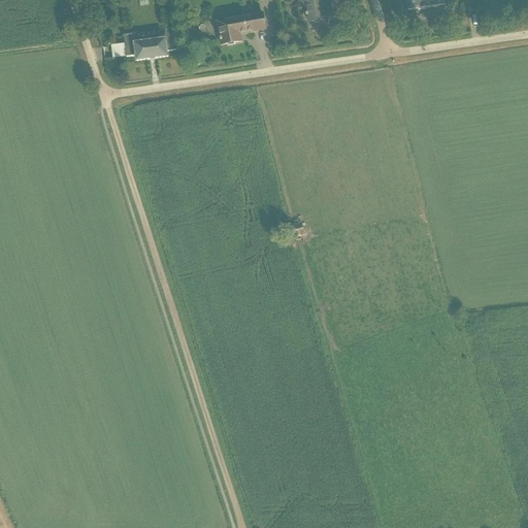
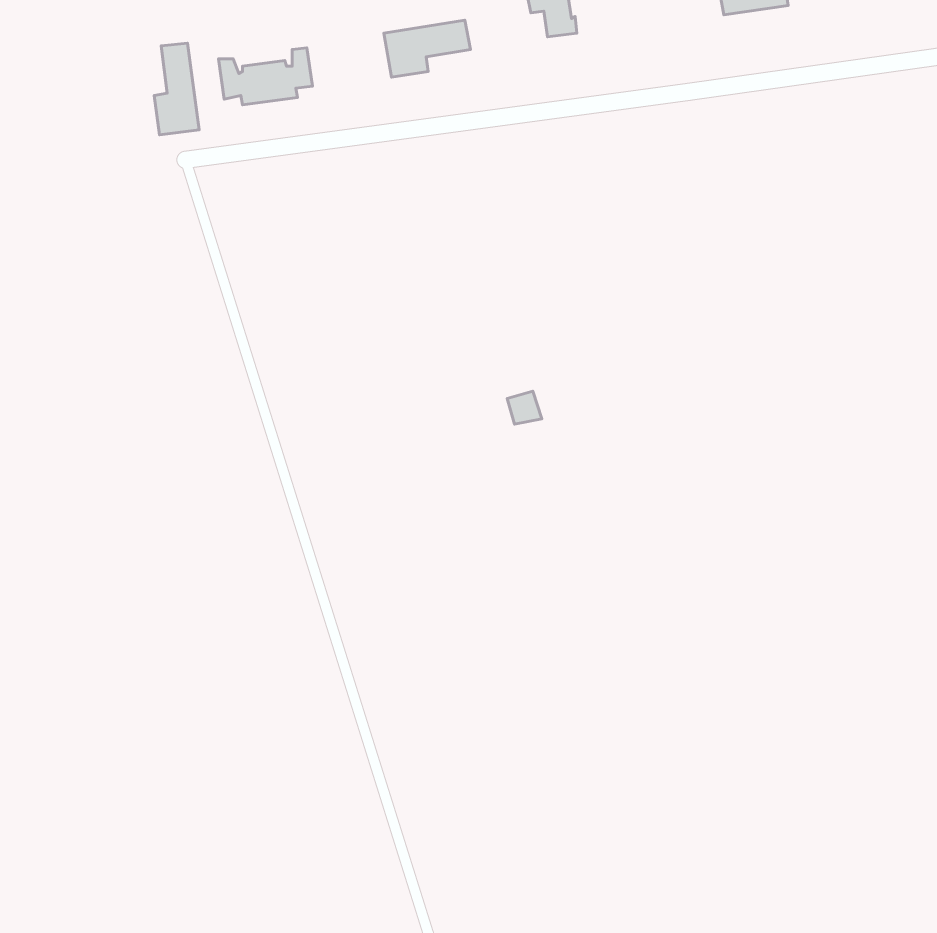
building: none -> [154,43,199,135]

